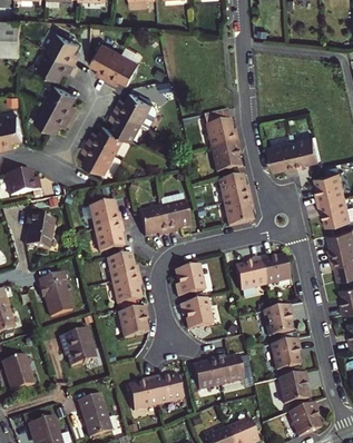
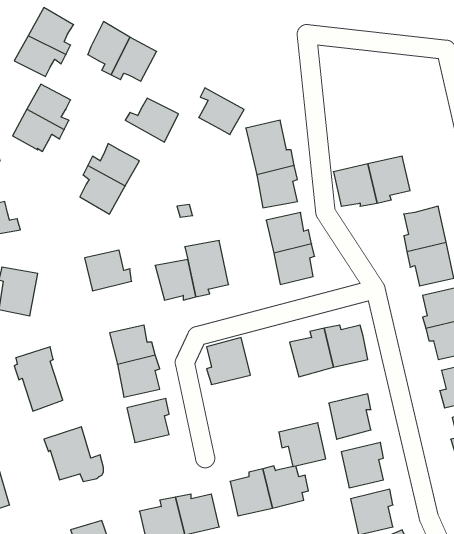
building: [111,109,144,142] -> [199,88,244,135]
building: [92,224,124,254] -> none
building: [178,298,212,329] -> [279,423,326,467]

